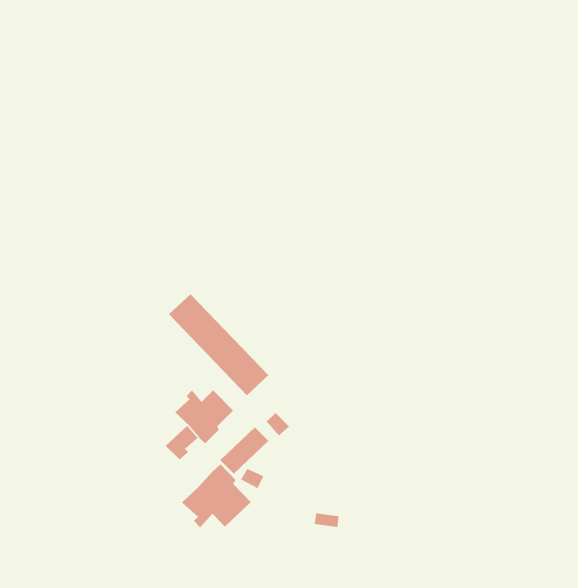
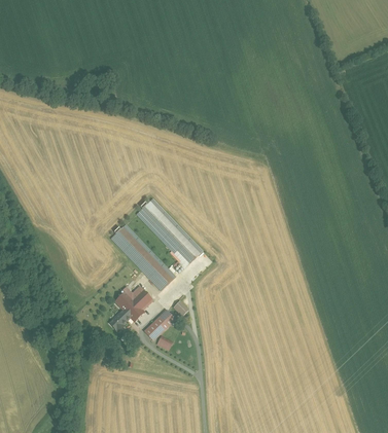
building: none -> [136,199,202,268]
building: [181,463,252,528] -> none

